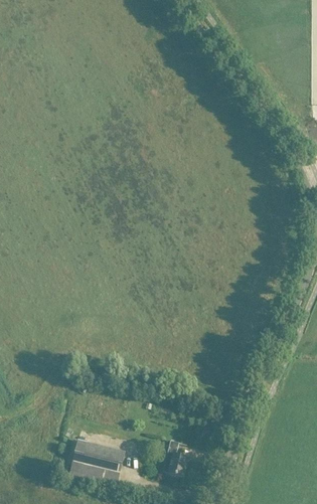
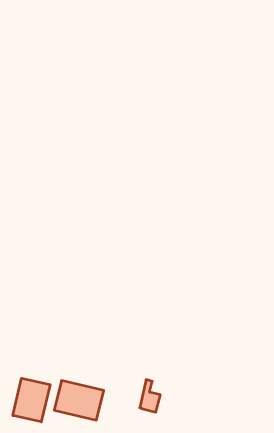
building: none -> [13,378,50,422]

